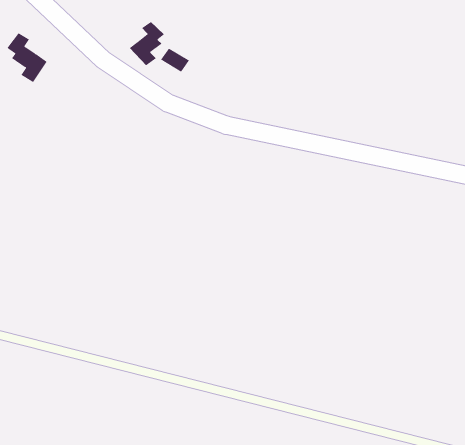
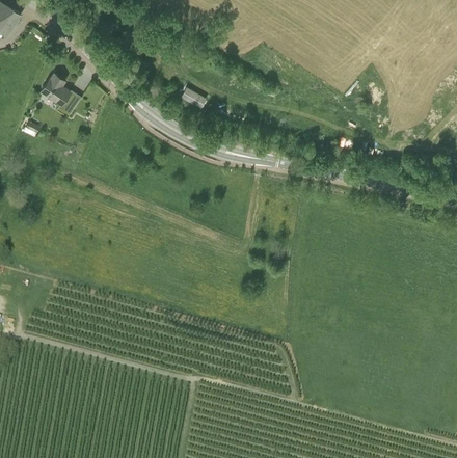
building: [129,21,165,66] -> none

